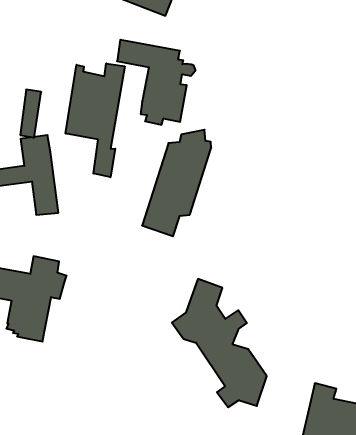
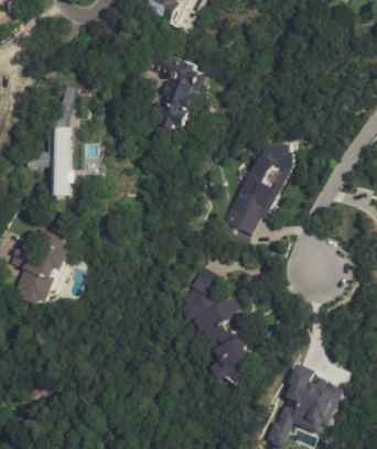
building: [66,63,125,177] -> none
building: [142,130,211,236] -> [224,144,291,236]

